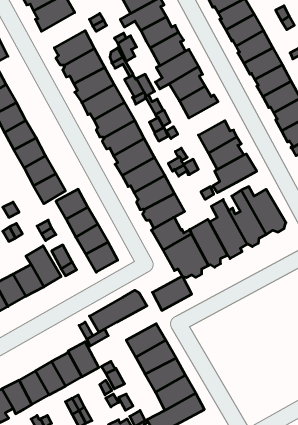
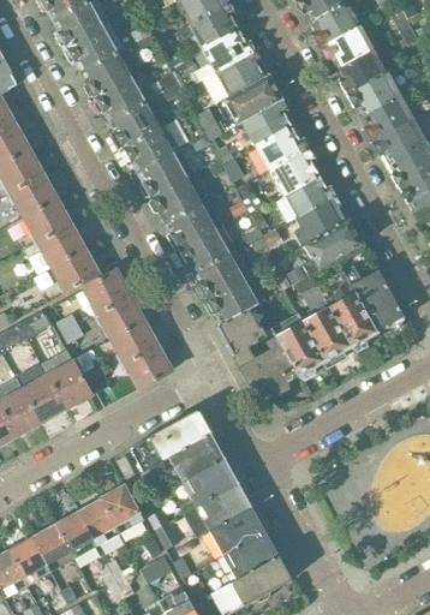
building: none -> [62,22,124,71]
building: none -> [269,147,319,193]
building: [152,276,192,310] -> [168,432,223,480]

